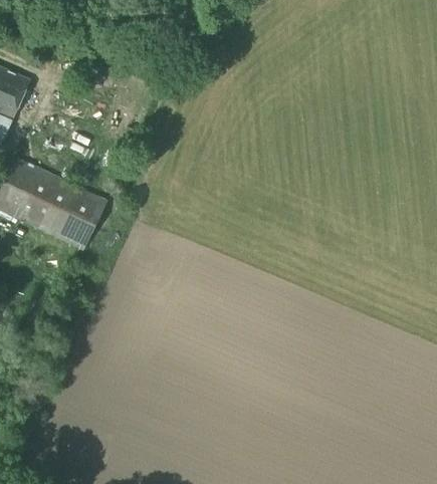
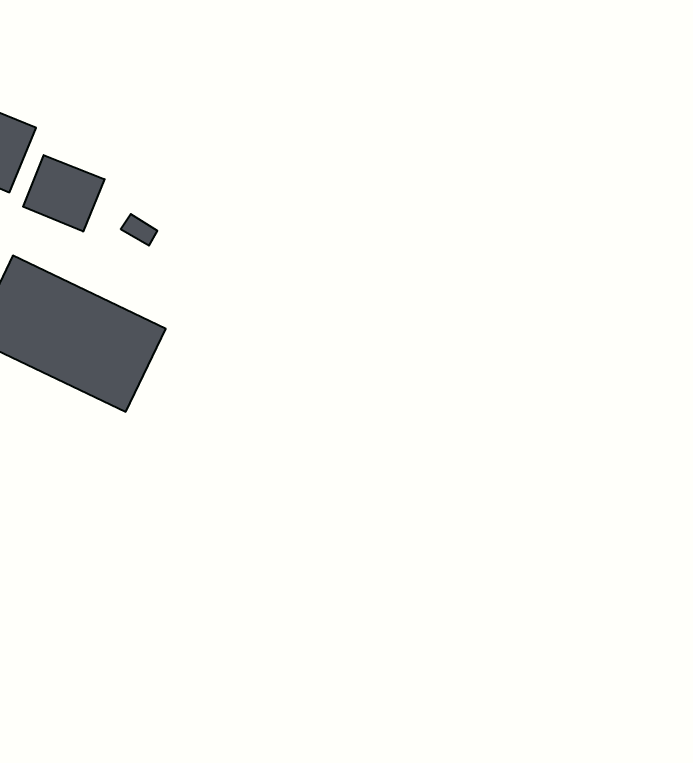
building: none -> [23,155,105,232]

